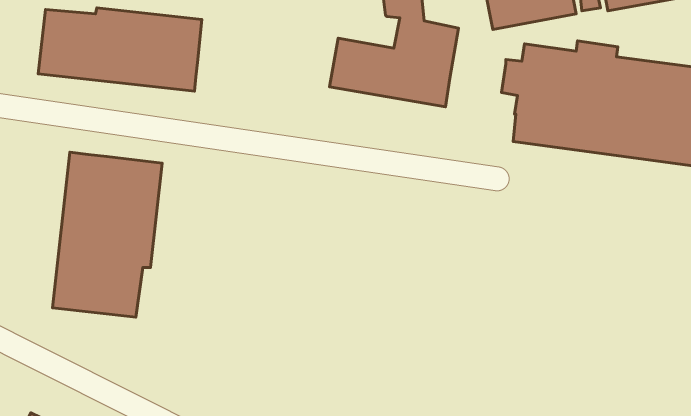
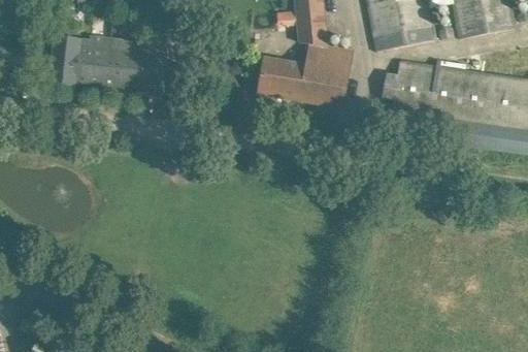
building: [53,152,162,317] -> none

